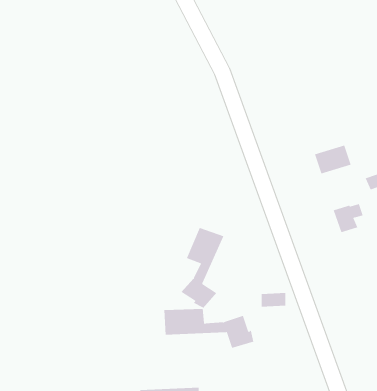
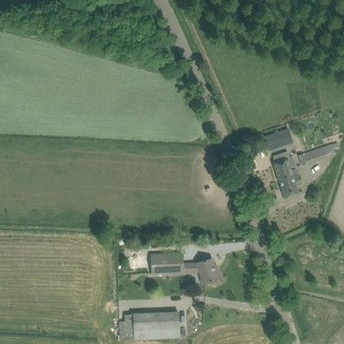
building: none -> [273,151,294,179]
building: [180,227,224,309] -> none

